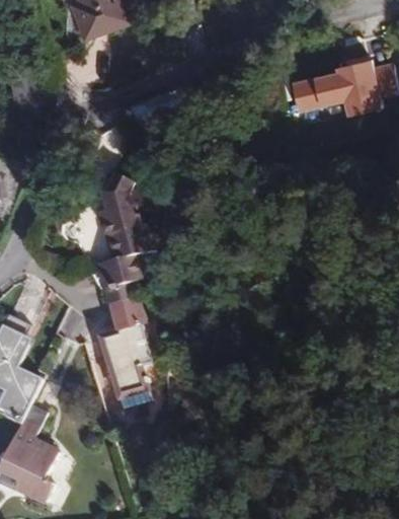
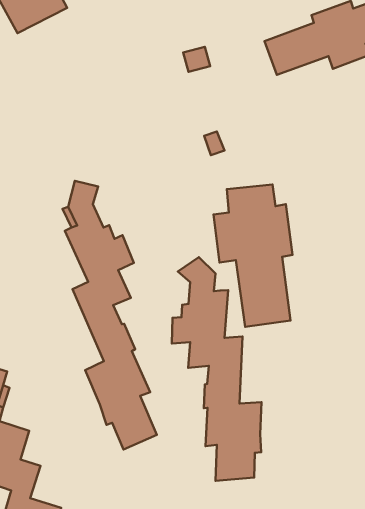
building: none -> [214,184,293,327]
building: none -> [172,257,261,481]

